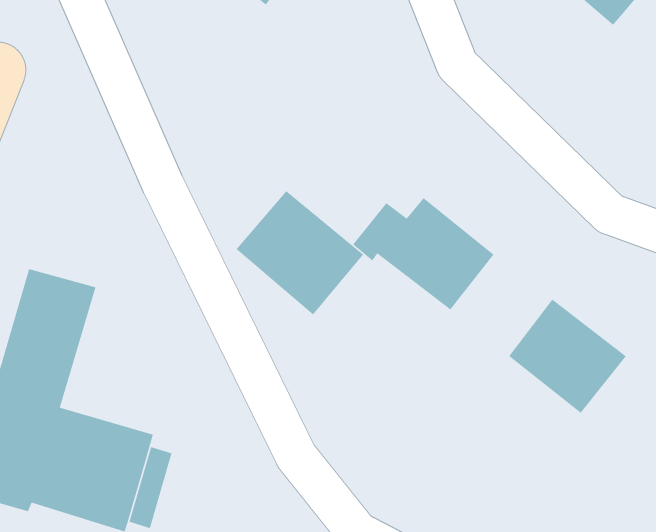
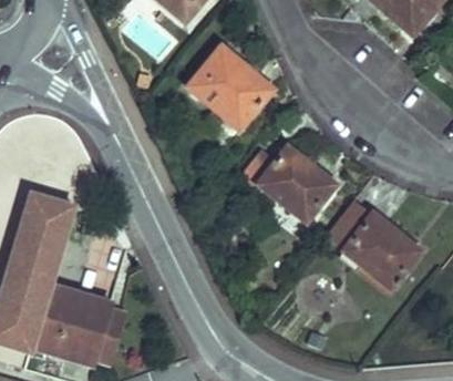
building: [235,190,364,315] -> [188,48,272,130]
building: none -> [326,199,372,251]

